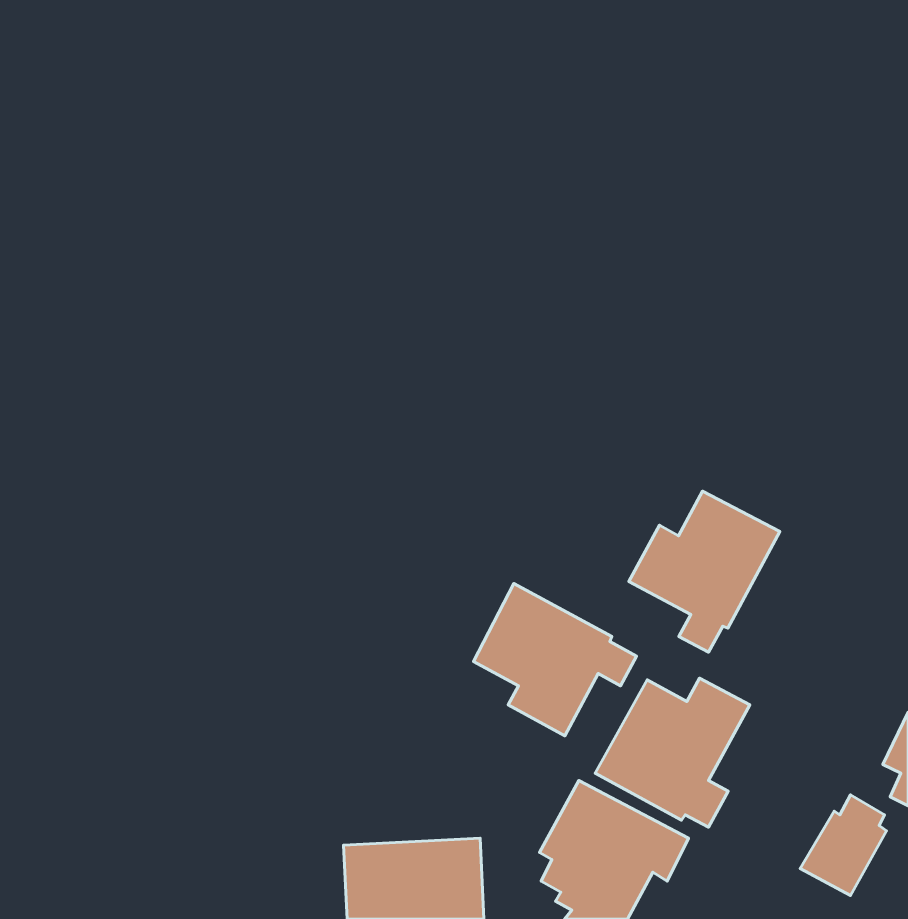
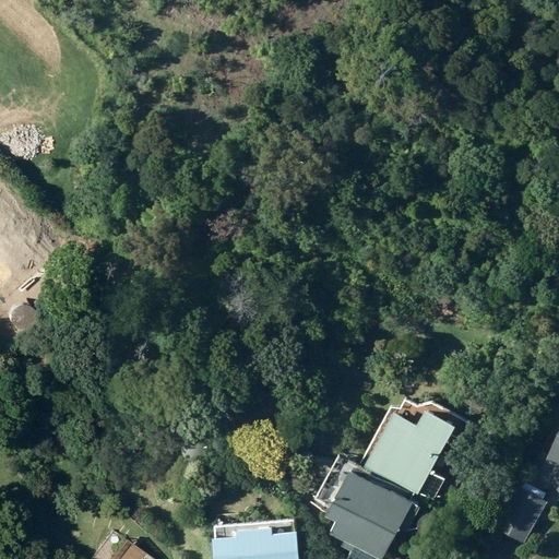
building: [629,491,780,652] -> none
building: [473,584,636,736] -> none

